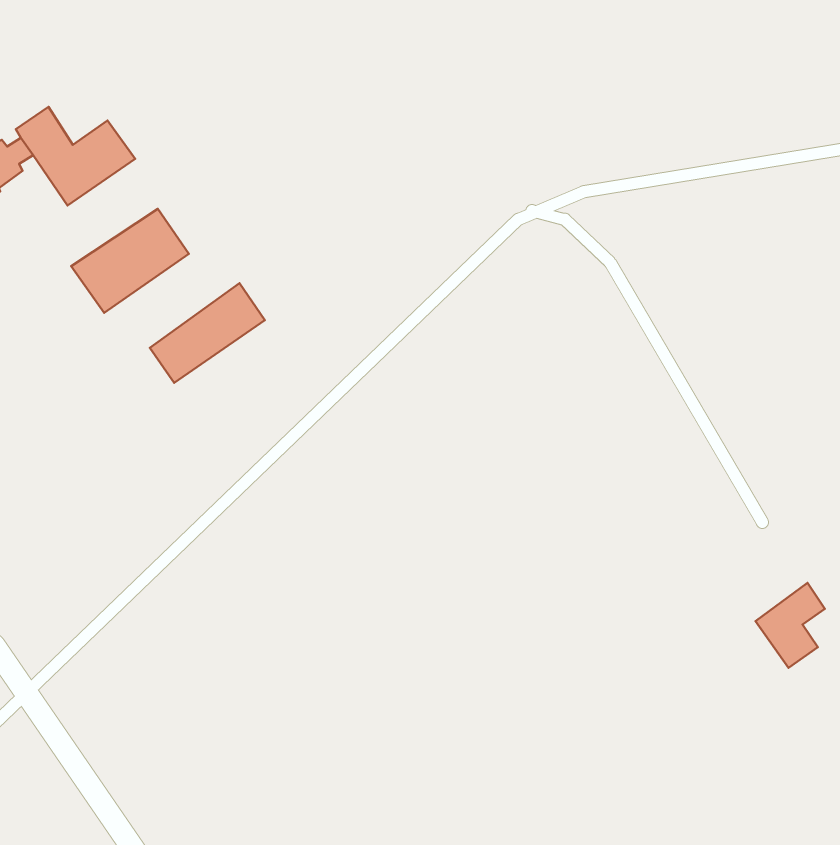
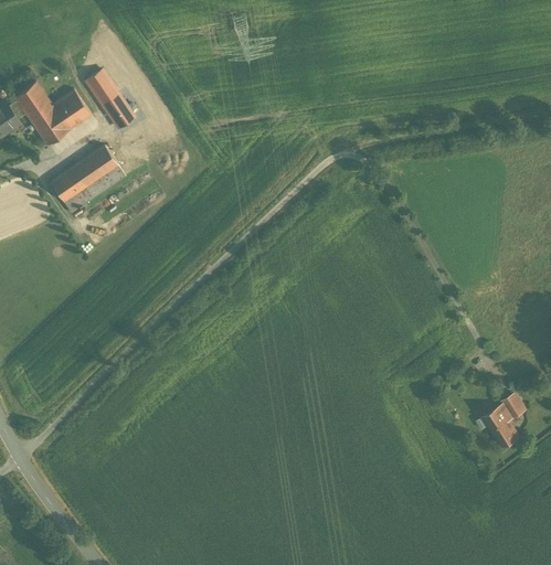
building: none -> [86,71,134,128]
building: [150,283,265,383] -> none

